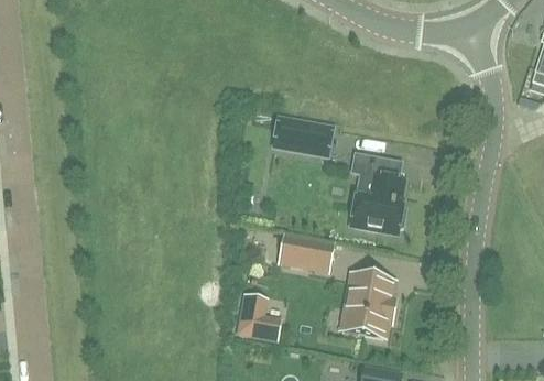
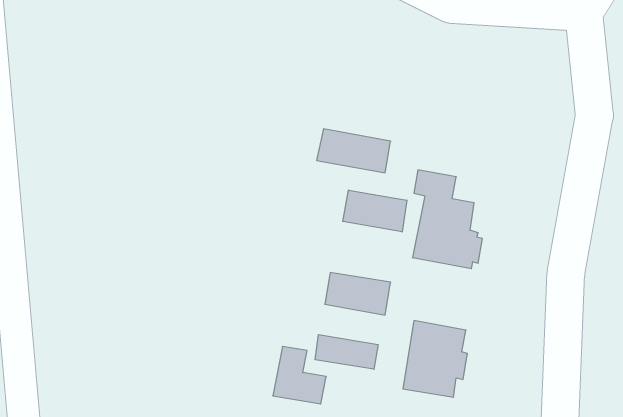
building: none -> [343,190,407,232]
building: none -> [315,335,378,369]

